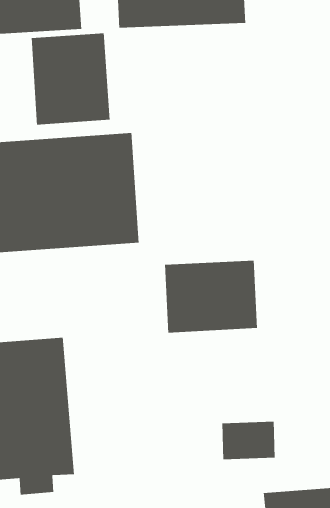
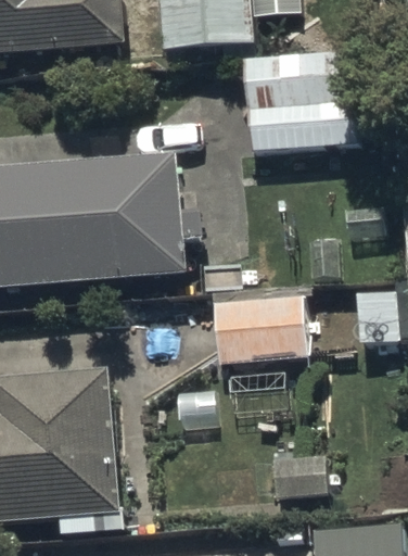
building: [31,32,111,125] -> none
building: none -> [246,52,359,150]

